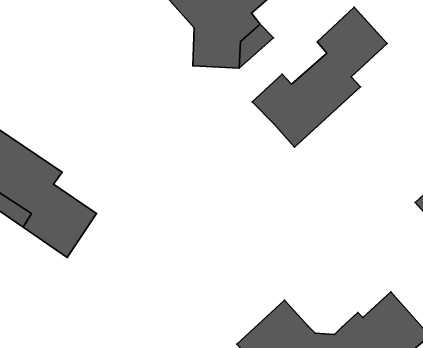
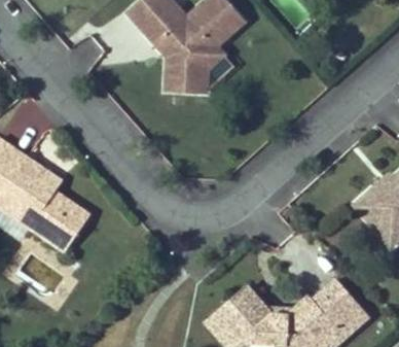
building: [252,7,387,147] -> none

